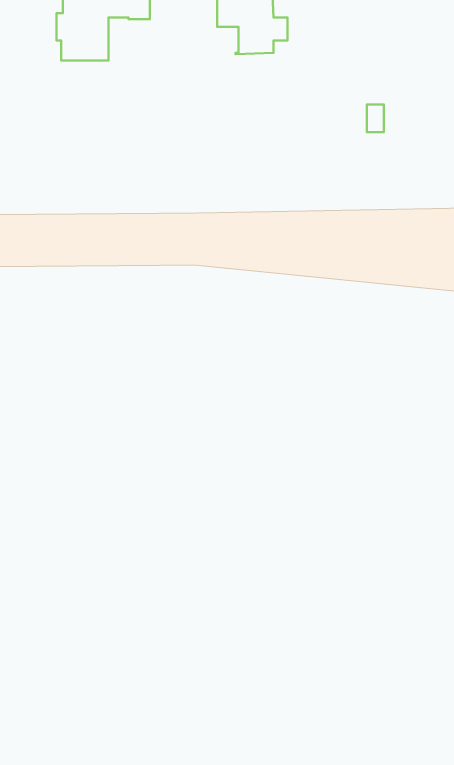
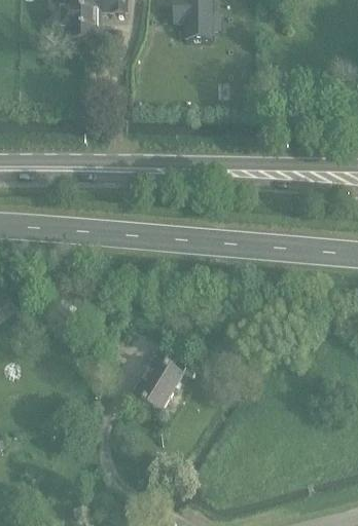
building: none -> [136,345,184,407]

